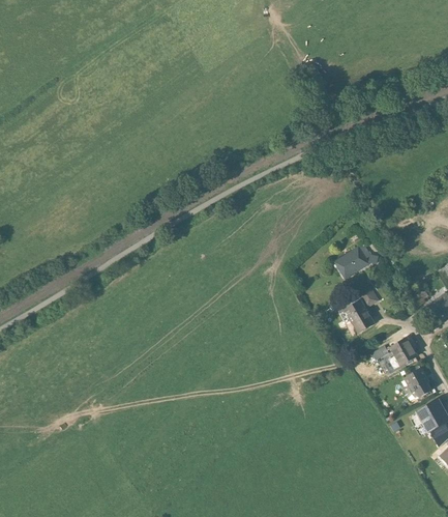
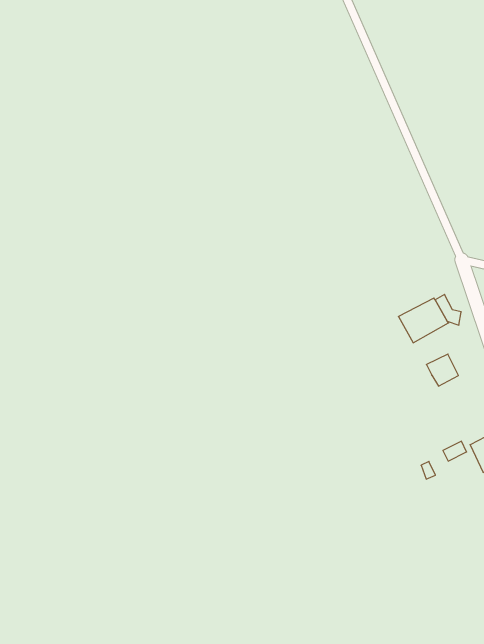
building: [345,300,375,334] -> none

